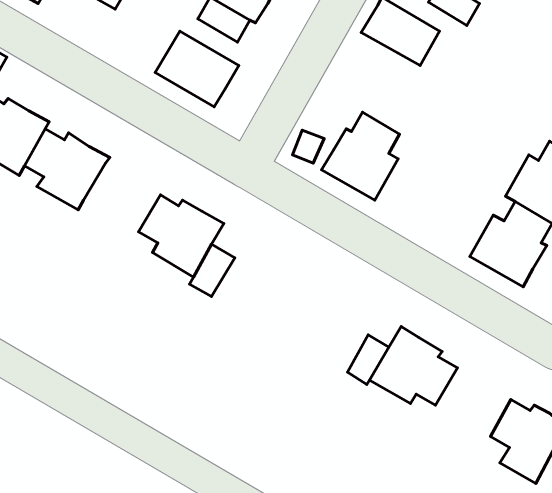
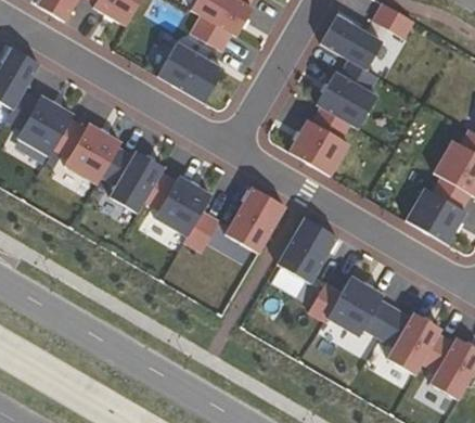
building: none -> [317,60,378,128]
building: none -> [101,146,164,213]
building: none -> [226,187,285,253]
building: none -> [278,217,337,283]
building: none -> [378,308,441,374]

